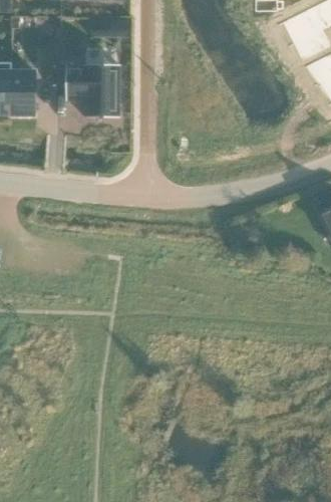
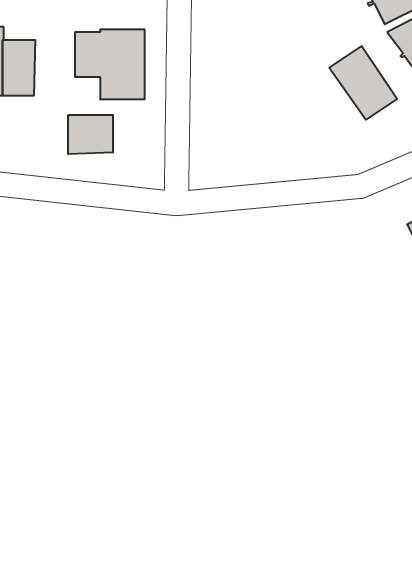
building: none -> [329,46,397,120]
building: none -> [68,115,113,154]

